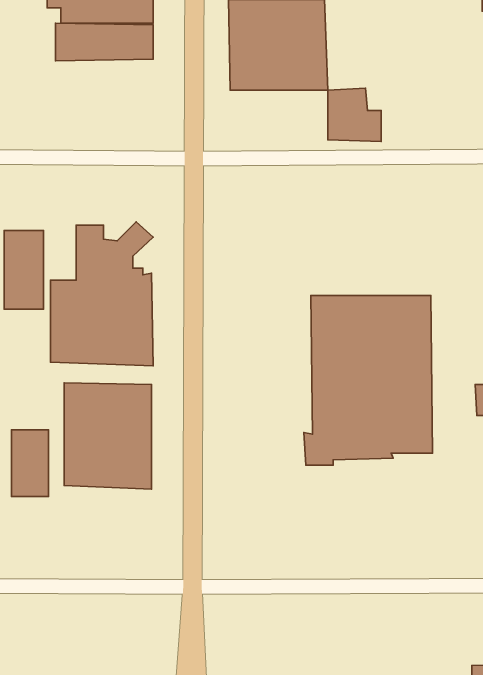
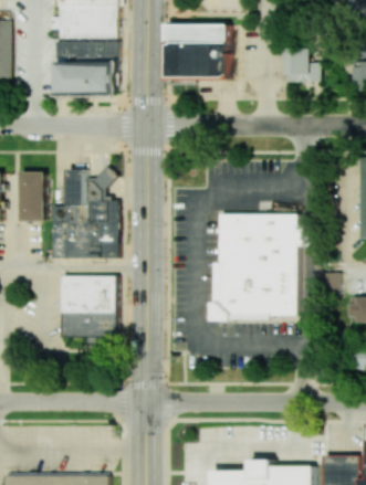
building: none -> [55,63,117,96]
building: [328,88,381,141] -> [285,49,320,83]
building: [11,430,48,496] -> none

